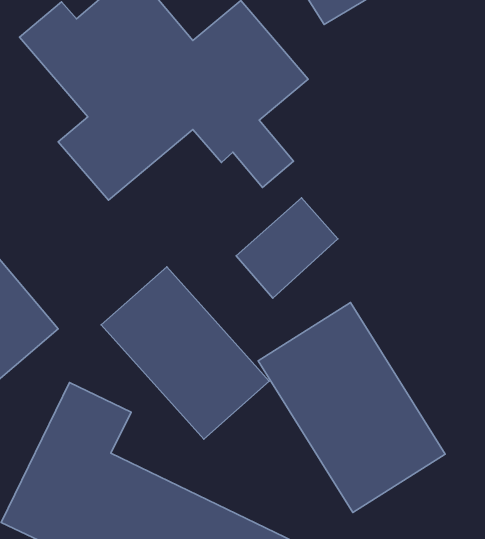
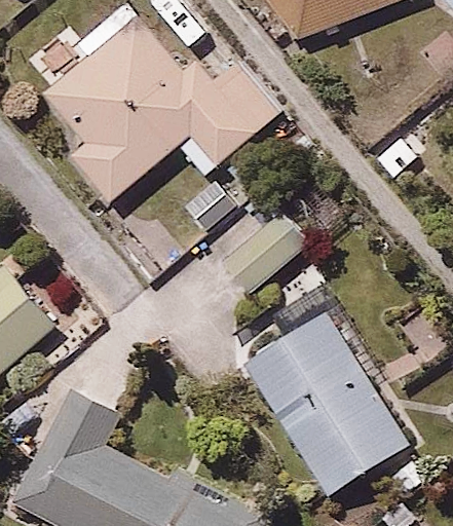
building: [101,267,269,439] -> none

